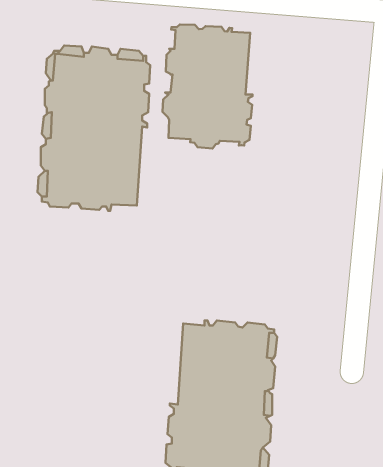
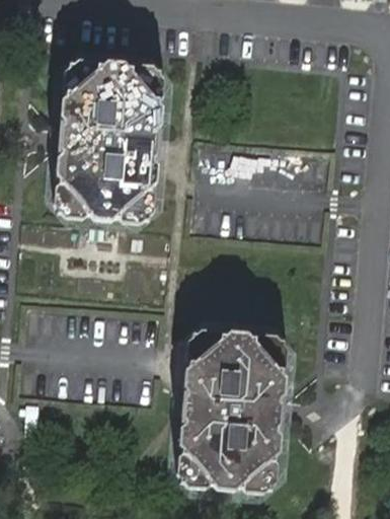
building: [162,24,253,148] -> none

